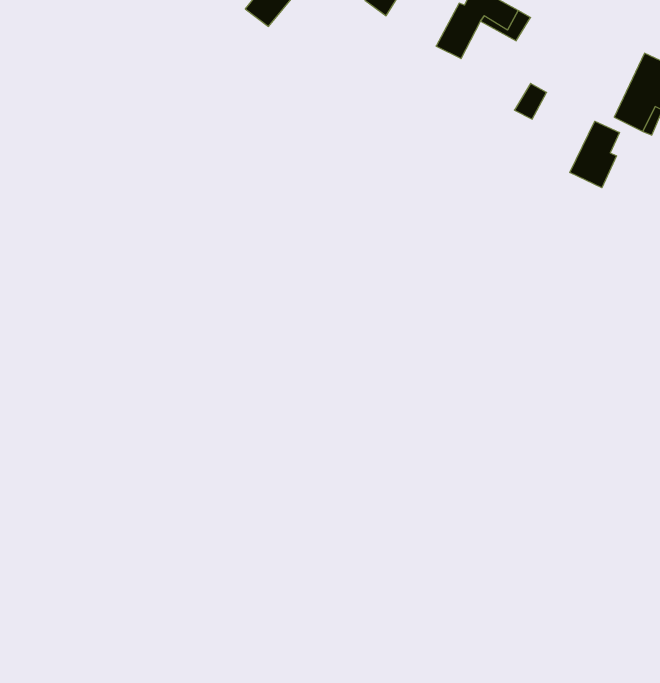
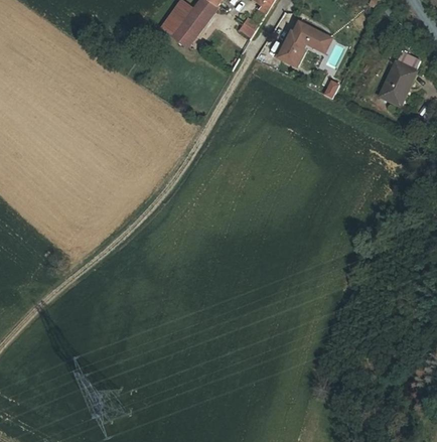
building: [570,121,619,188] -> none

